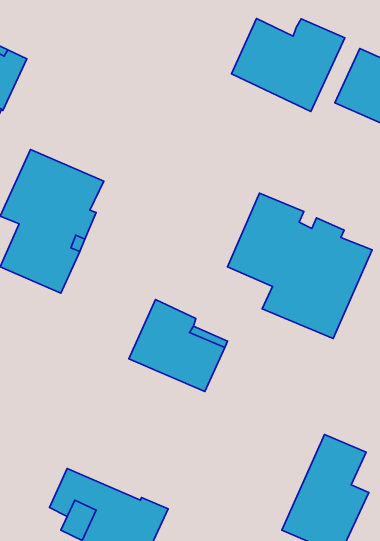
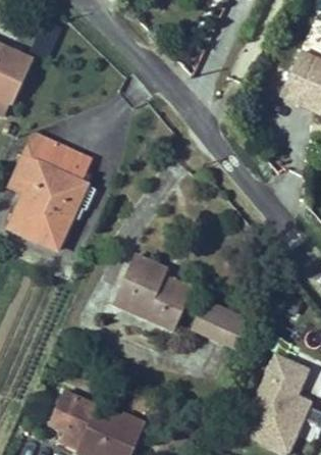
building: [231,18,345,112] -> none
building: [227,193,372,339] -> none
building: none -> [193,300,252,349]

